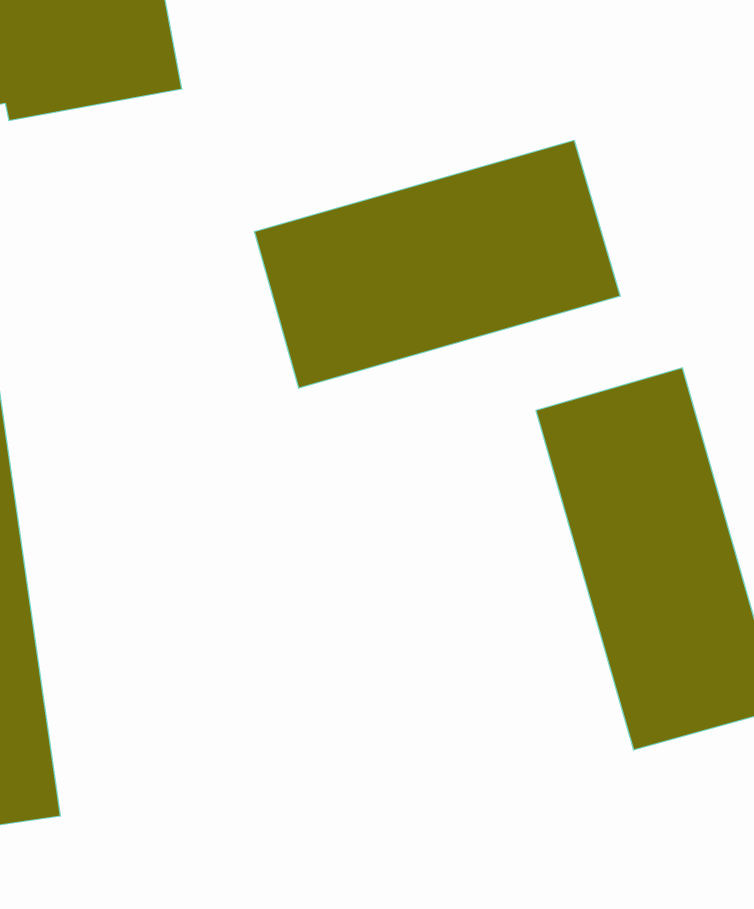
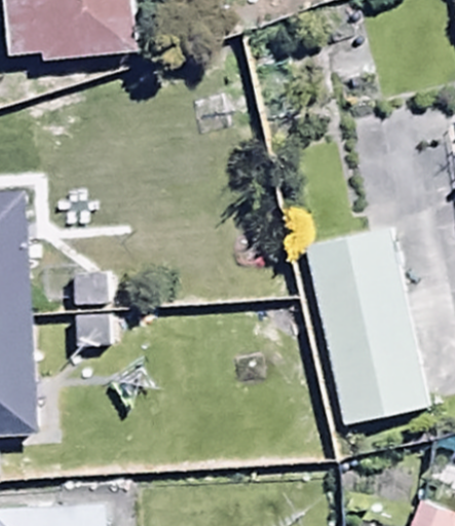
building: [255,140,620,388] -> none

